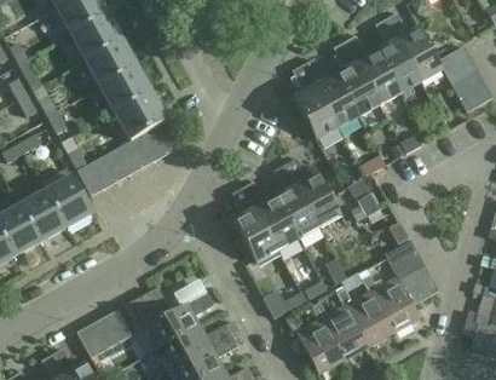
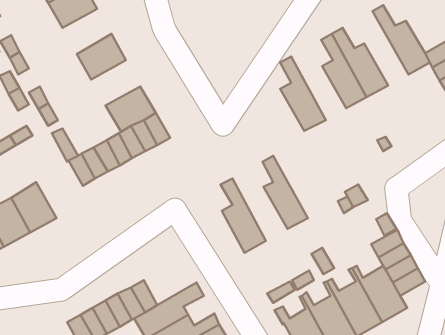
building: [71,15,121,61] -> none
building: [375,17,421,92] -> none
building: [302,57,358,127] -> none
building: [100,67,150,113] -> none
building: [284,159,341,226] -> none
building: [45,175,93,226] -> none
building: [243,180,299,249] -> none

